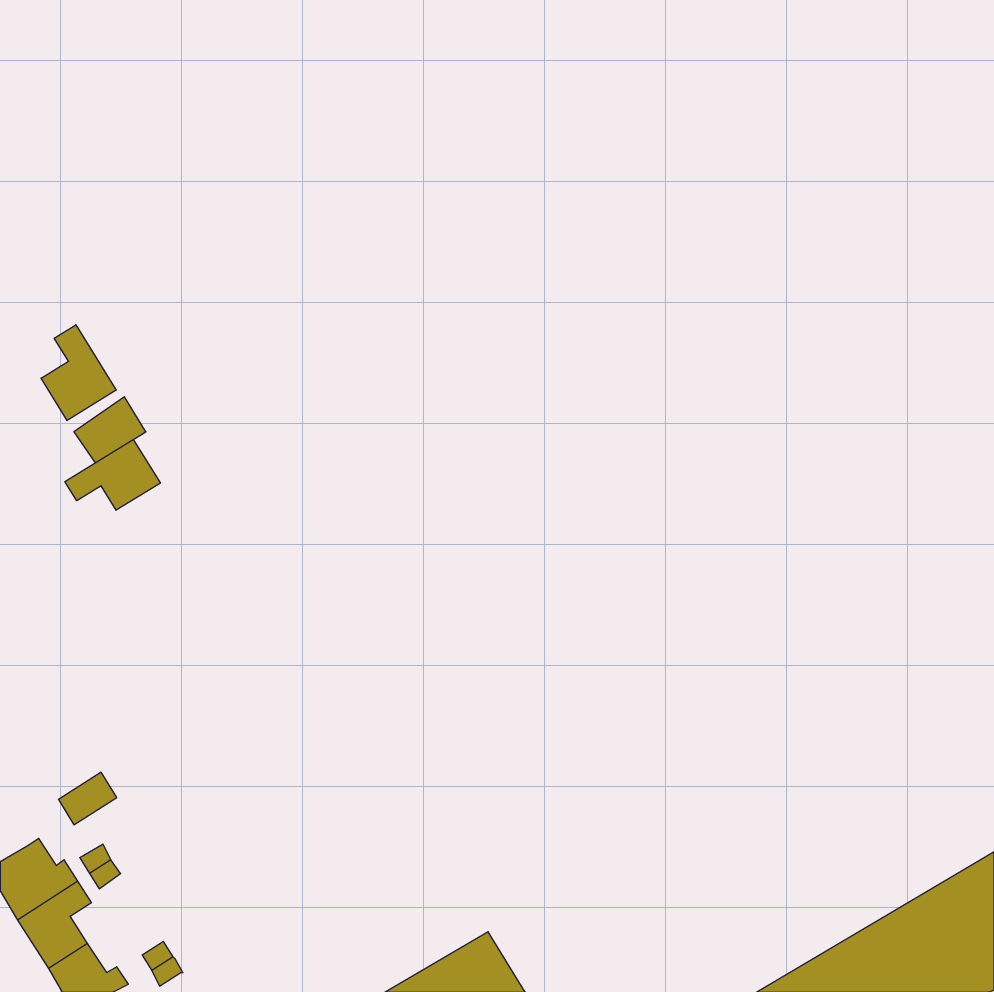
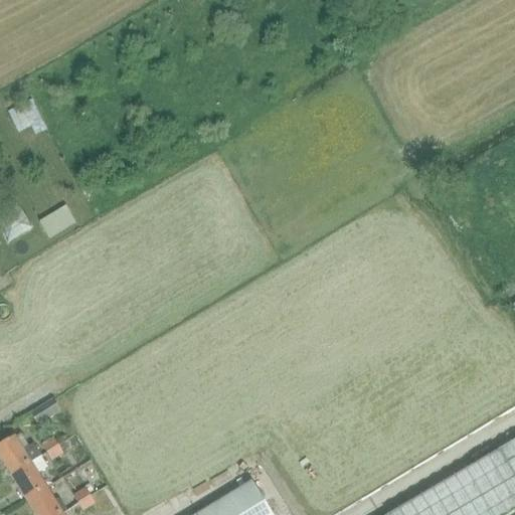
building: [41,325,116,421] -> none
building: [65,440,160,510] -> none

